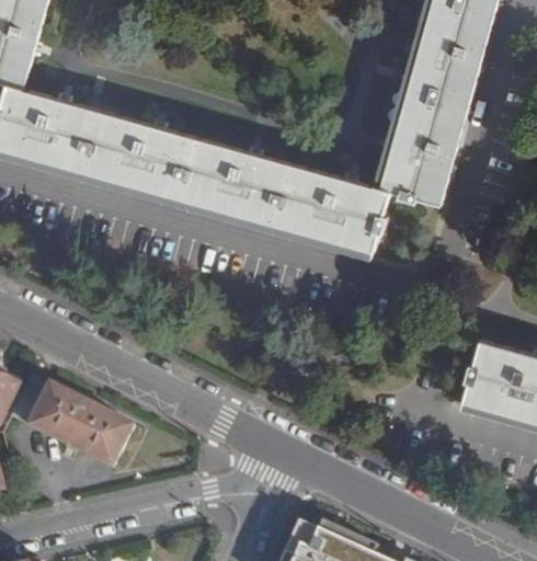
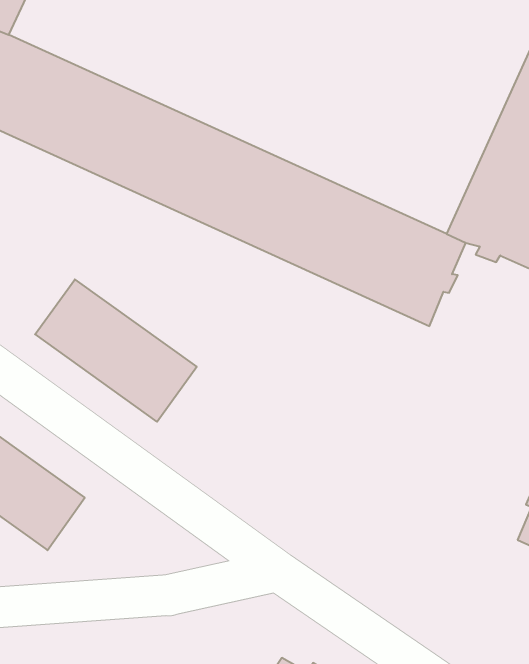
building: none -> [35,279,197,422]

